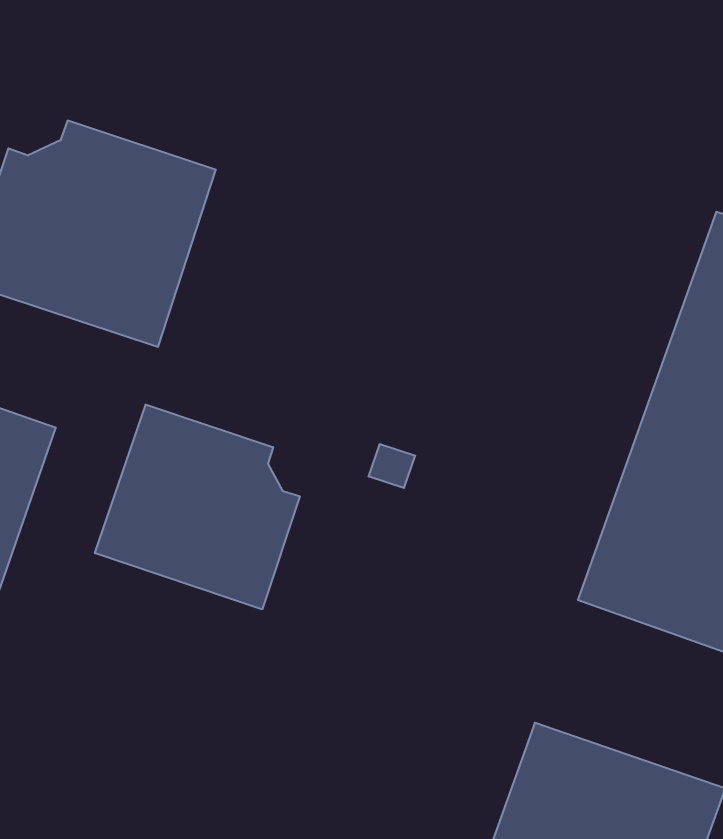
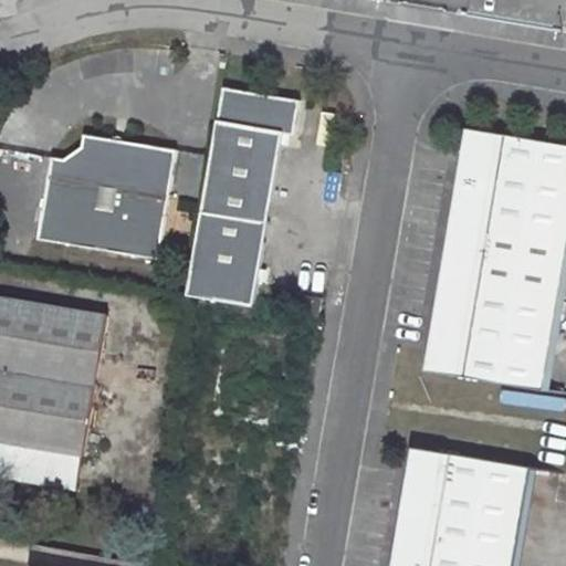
building: none -> [186,90,295,307]
building: [95,404,300,609] -> none

